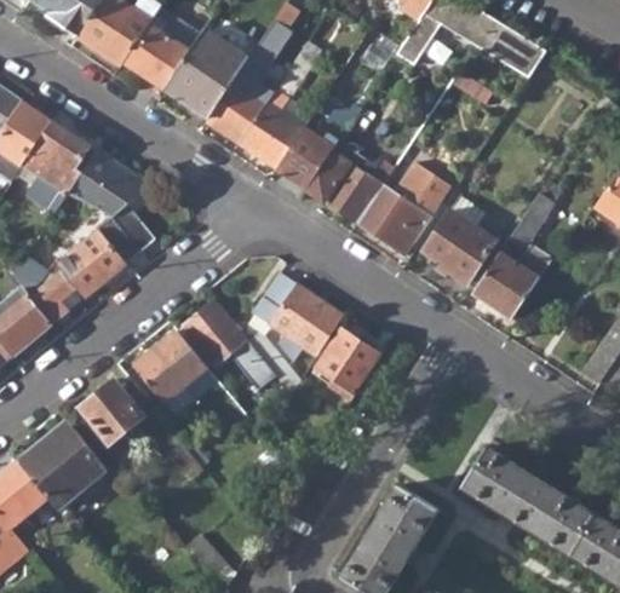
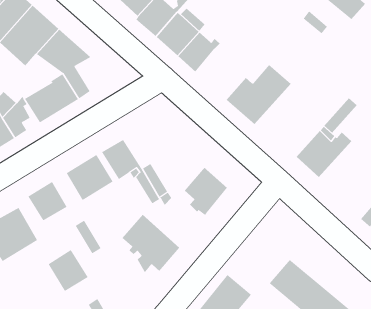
building: [306,146,383,223] -> none
building: [424,209,496,284] -> none
building: [251,272,340,361] -> [121,214,180,274]
building: none -> [48,249,89,292]

